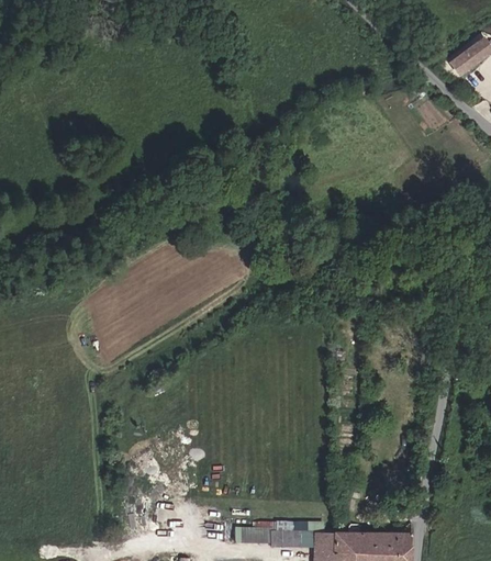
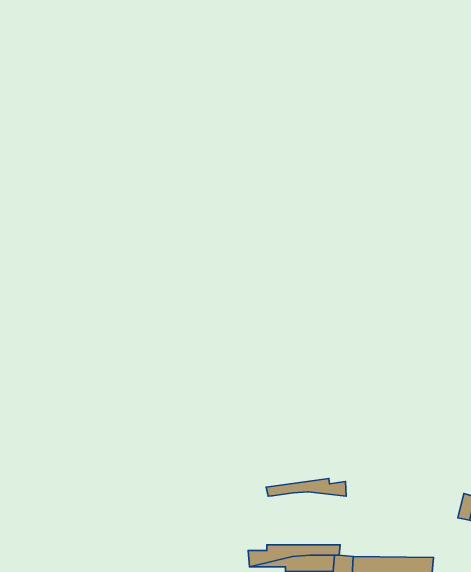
building: none -> [266,479,346,496]

